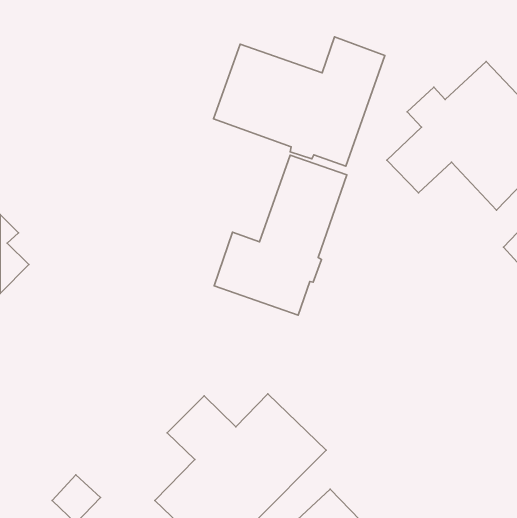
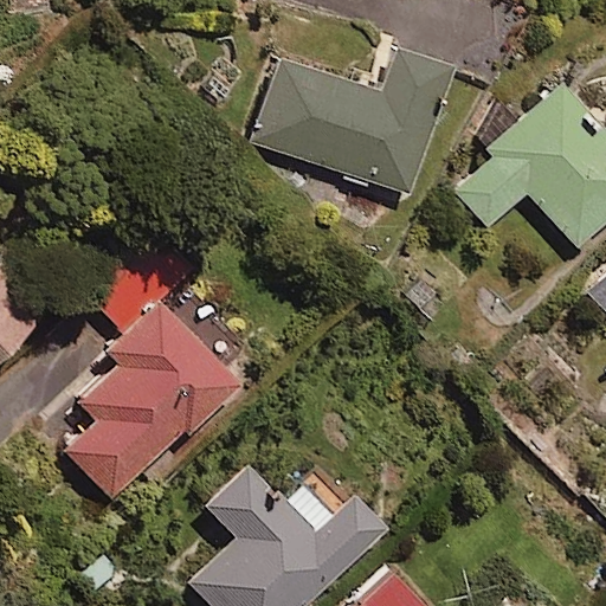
building: [214,155,347,315] -> none
building: none -> [47,246,265,502]

